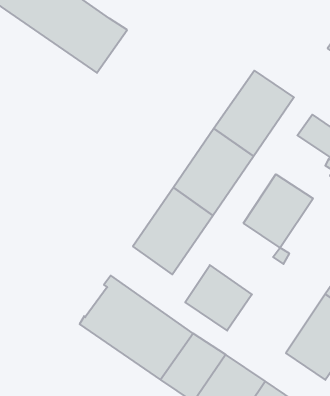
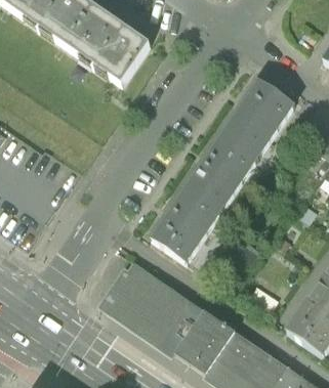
building: [244,174,313,248] -> none
building: [185,265,252,331] -> none

